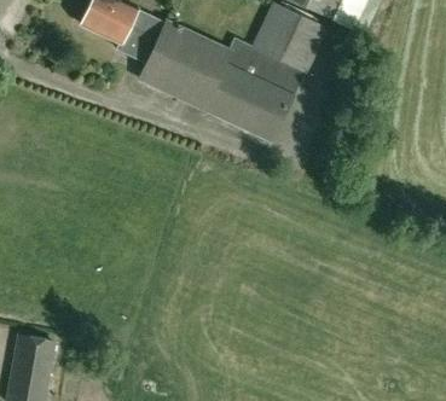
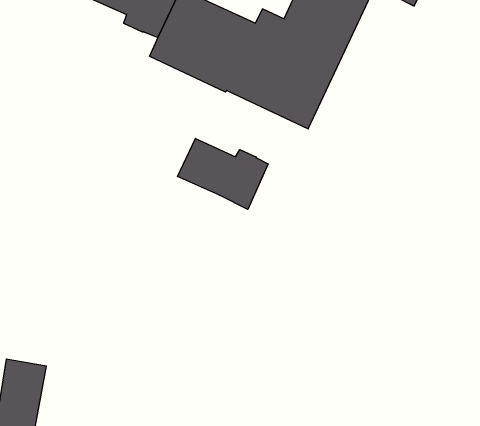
building: none -> [178,138,268,209]

